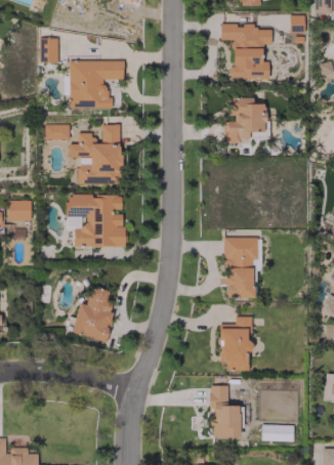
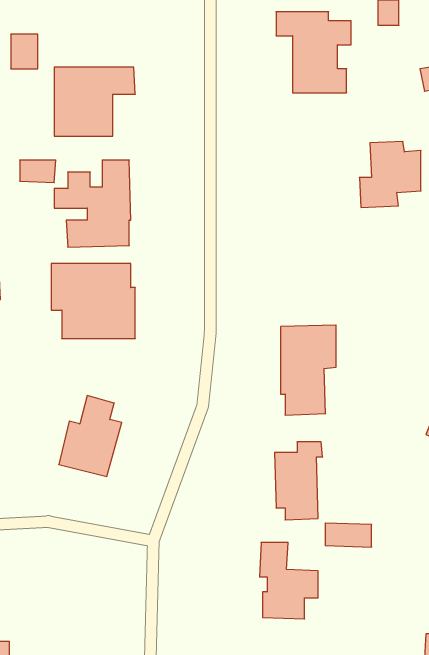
building: [224,97,266,142] -> [359,141,421,207]
building: [262,425,294,441] -> [325,523,372,547]

